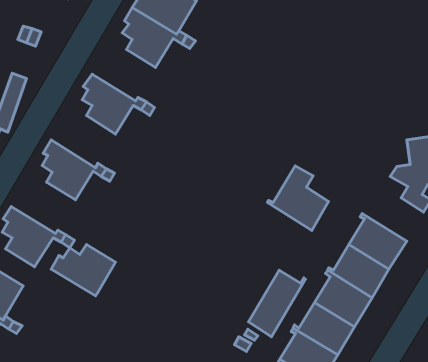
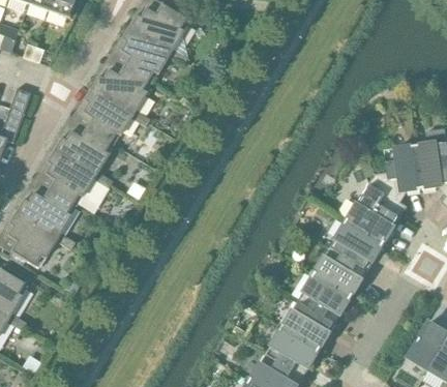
building: none -> [91,65,150,113]
building: none -> [53,126,113,175]
building: [267,166,329,230] -> [342,183,399,243]
building: [51,245,116,296] -> [16,188,76,236]
building: [249,270,306,337] -> none

